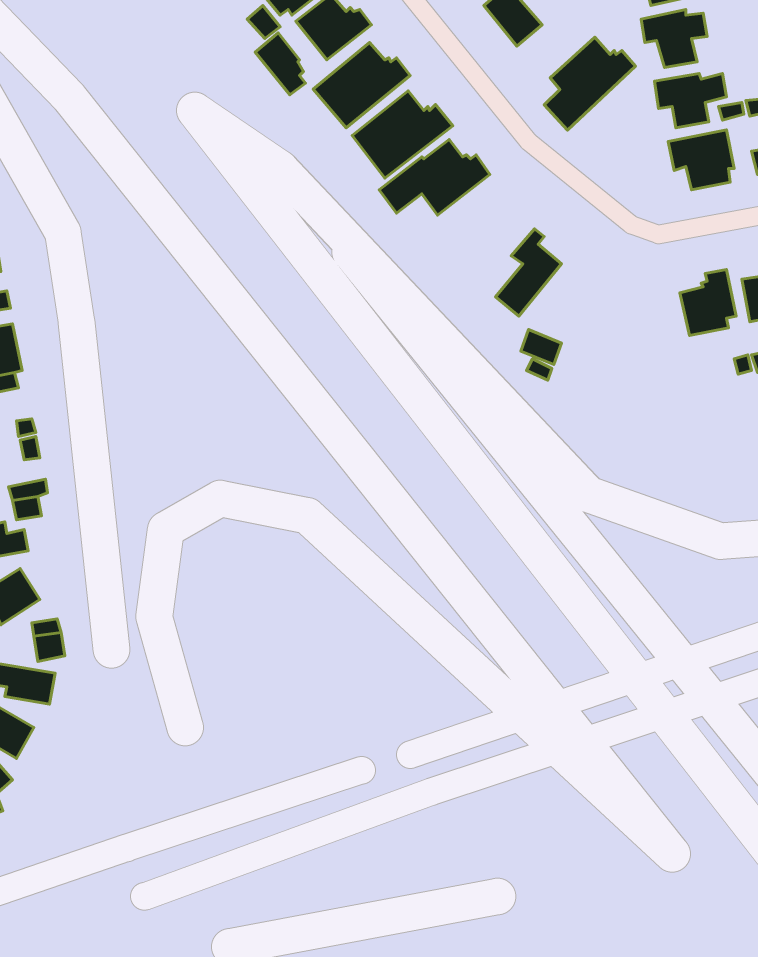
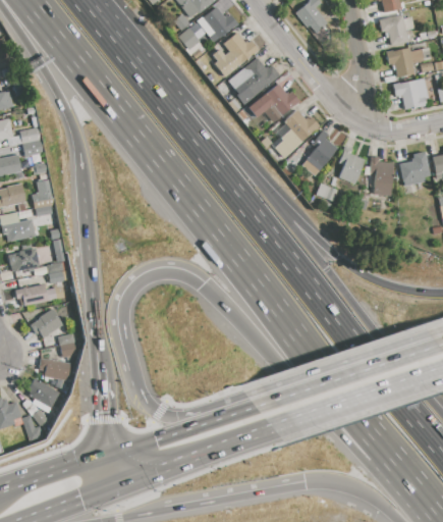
building: [544,37,635,130] -> [271,109,319,158]
building: none -> [339,146,365,182]
building: none -> [370,156,394,196]

